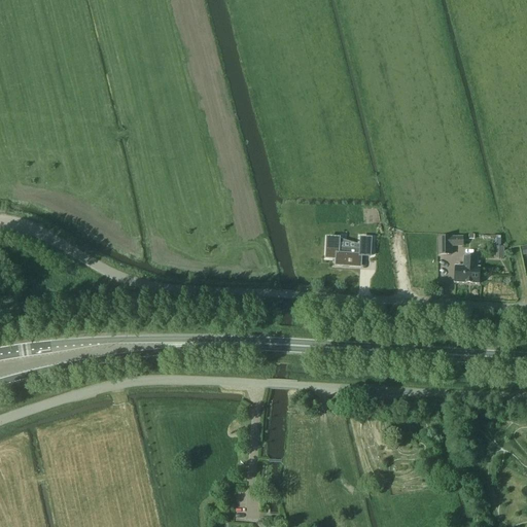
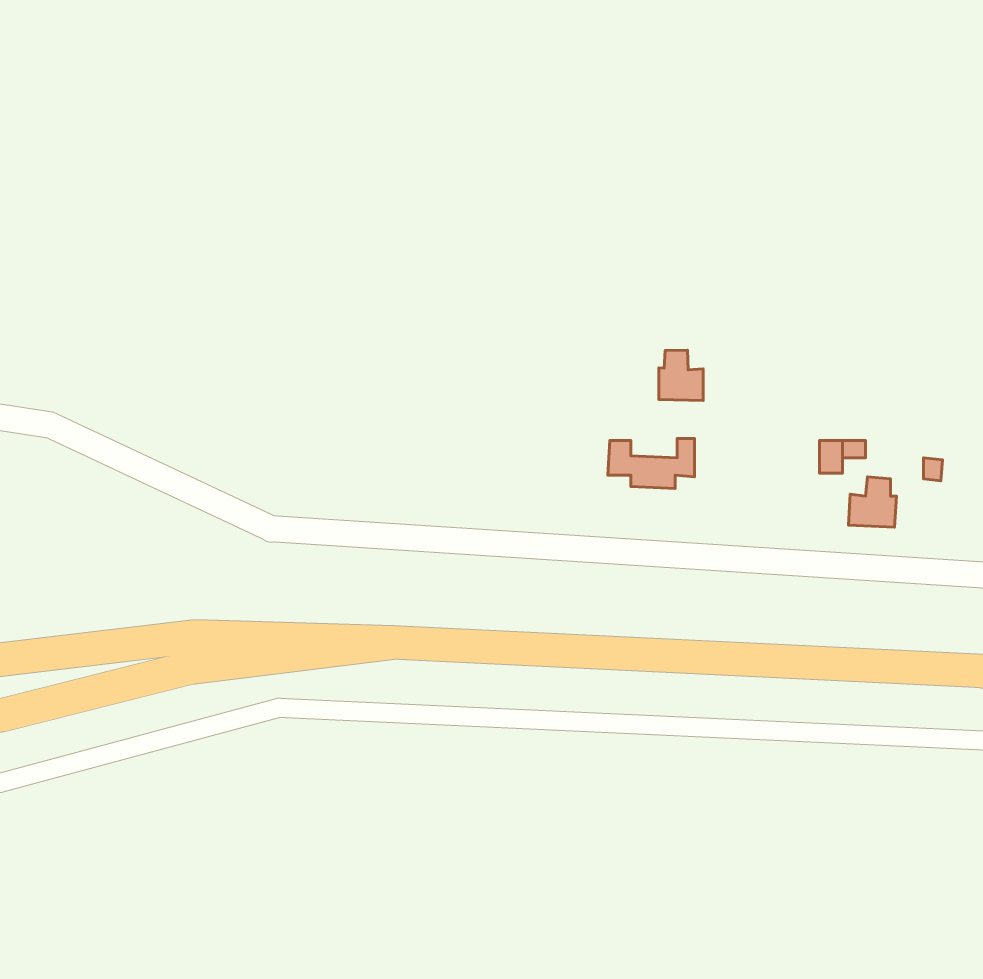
building: none -> [659,350,703,401]

